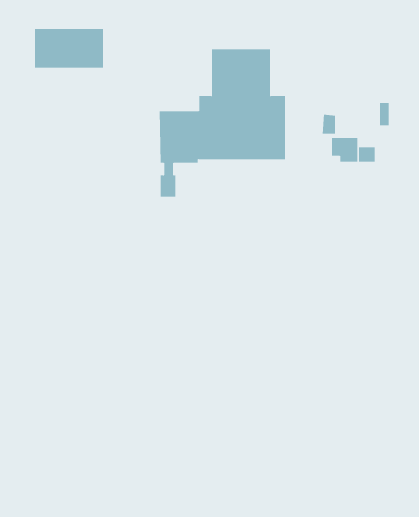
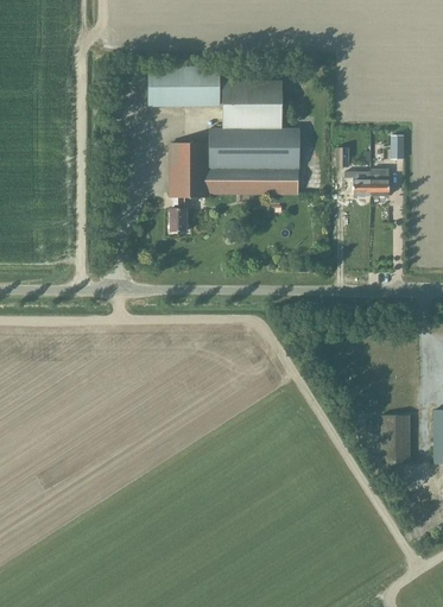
building: [34,29,104,68] -> [147,65,219,106]
building: none -> [381,413,411,462]

